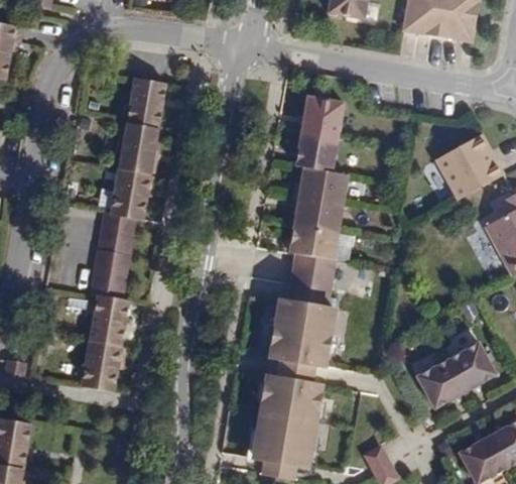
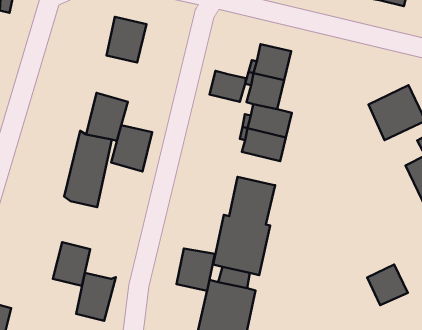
building: [119,120,164,172] -> [111,125,152,171]
building: none -> [210,71,246,102]
building: [287,223,338,259] -> none
building: [90,292,133,347] -> [76,273,116,321]
building: none -> [177,249,215,291]
building: [416,360,465,408] -> none

